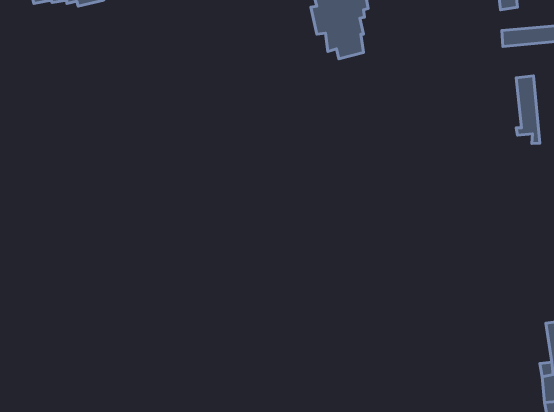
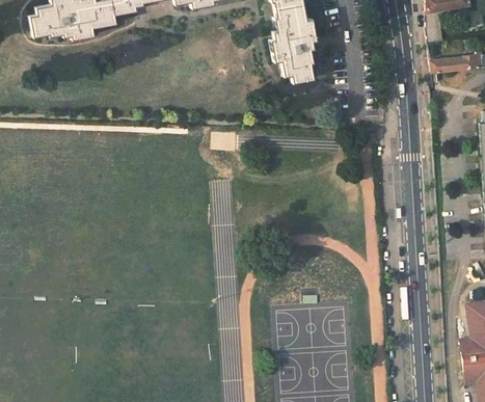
building: [516,76,540,144] -> none

